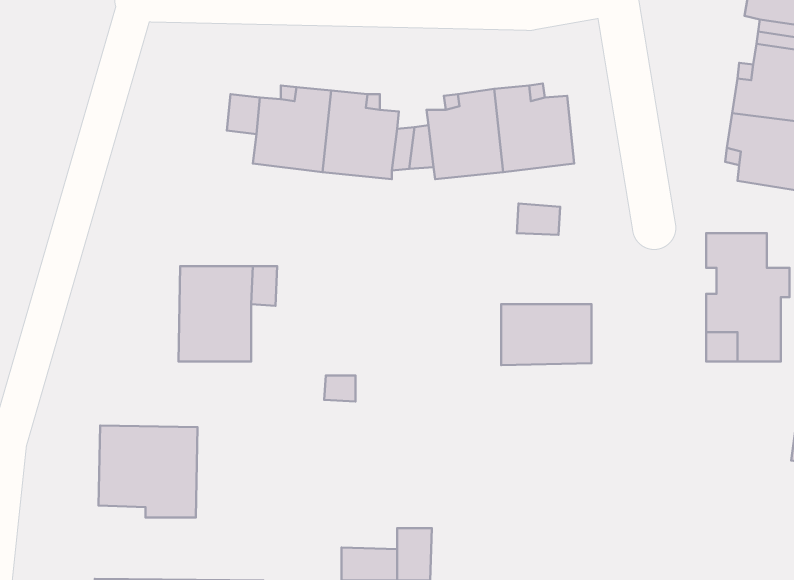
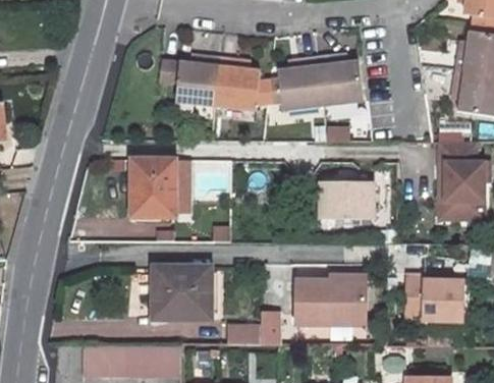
building: [99,426,198,518] -> [152,266,210,320]
building: none -> [404,273,461,321]
building: none -> [294,280,365,325]

